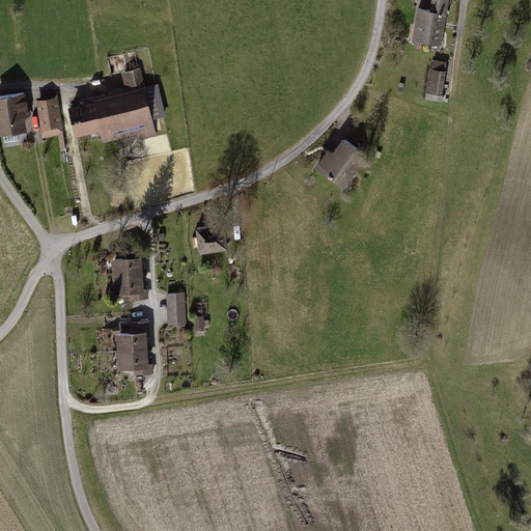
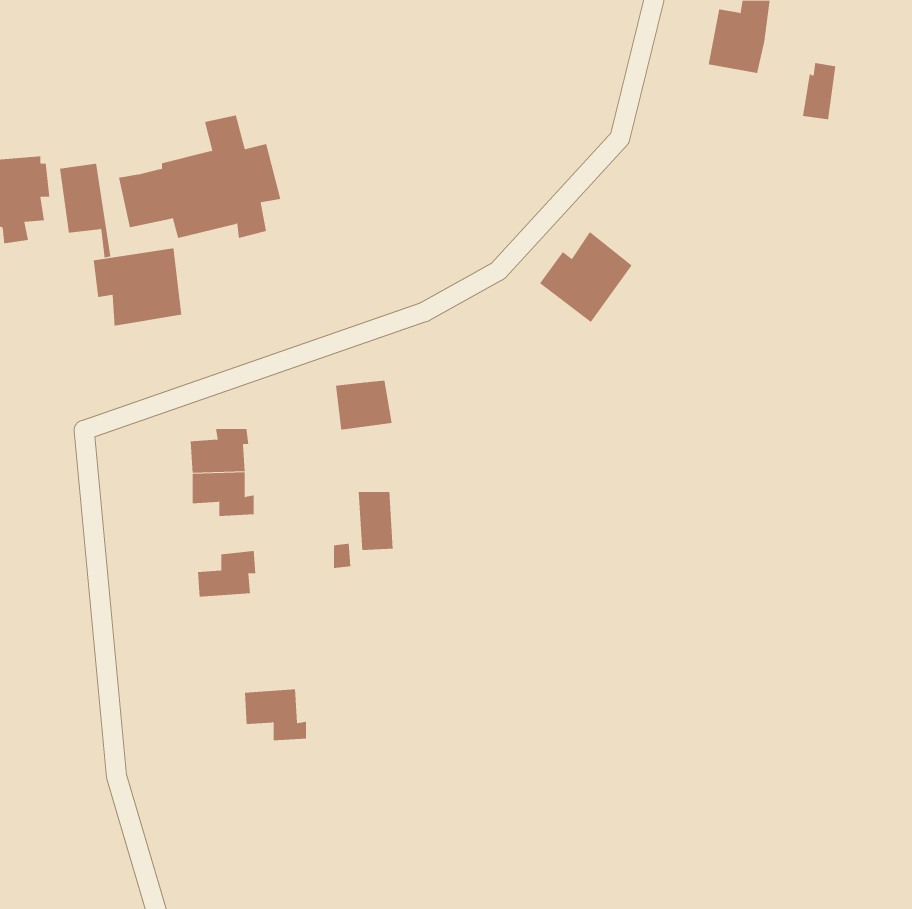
building: [424,64,444,97] -> [802,63,836,120]
building: none -> [93,247,182,327]
building: [165,295,186,329] -> [358,491,394,551]
building: [115,347,151,378] -> [244,689,307,741]

